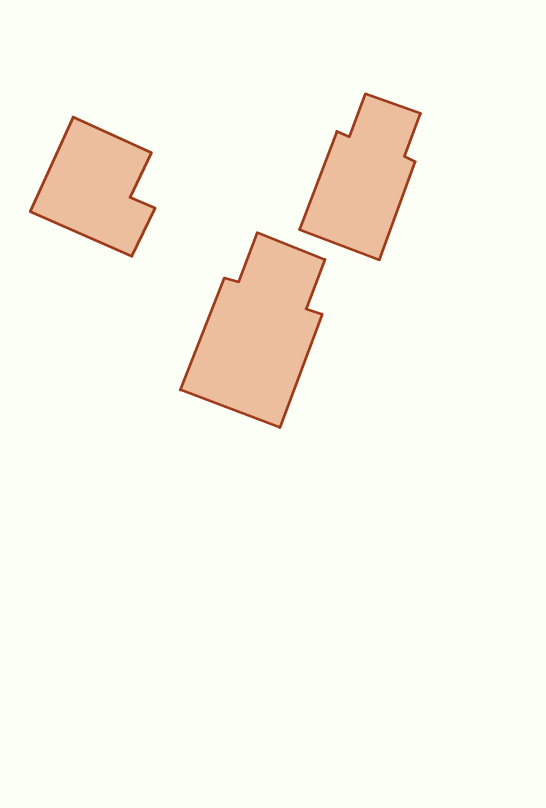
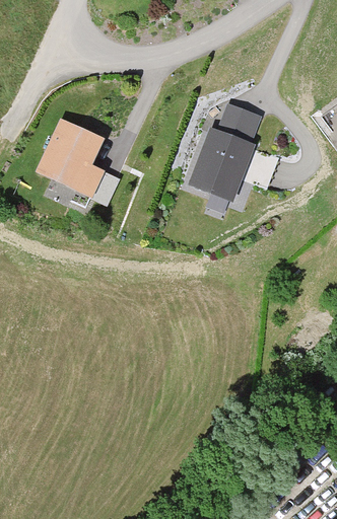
building: [180,233,325,428] -> none

